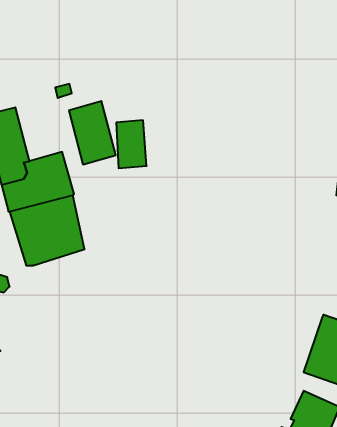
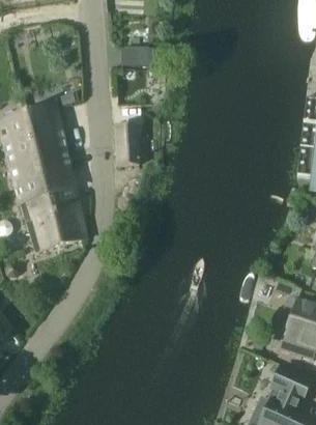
building: none -> [122,46,154,63]
building: [69,101,116,164] -> [26,103,67,159]

